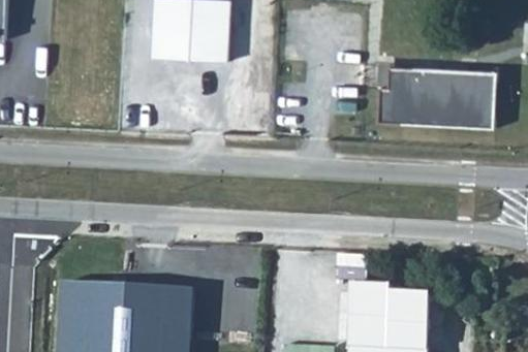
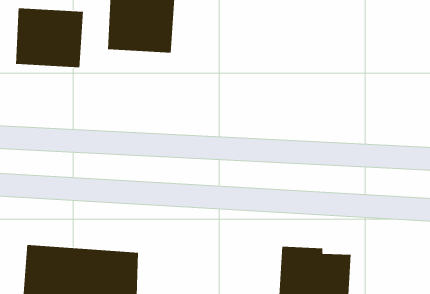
building: none -> [16,8,83,68]
building: [376,66,496,128] -> none

